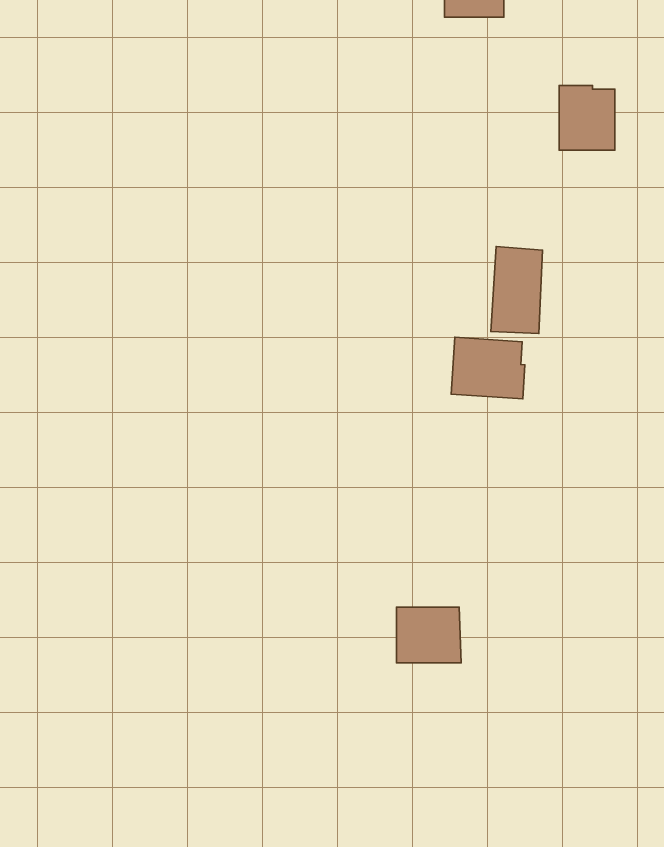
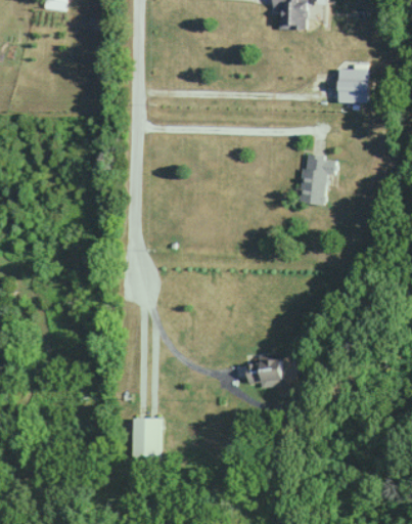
building: [451,337,525,399] -> none
building: none -> [133,417,162,457]

